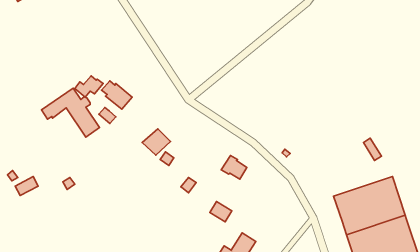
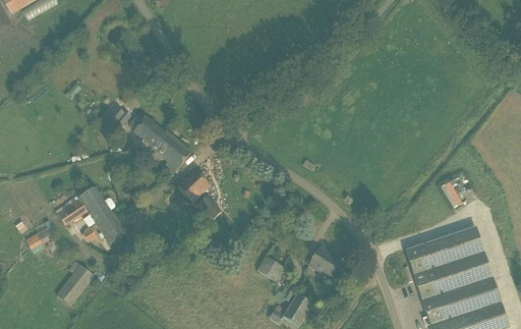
building: [42,88,100,137] -> [57,186,126,244]
building: none -> [153,131,190,168]
building: [221,155,247,179] -> [308,246,339,275]
building: none -> [56,260,95,305]

